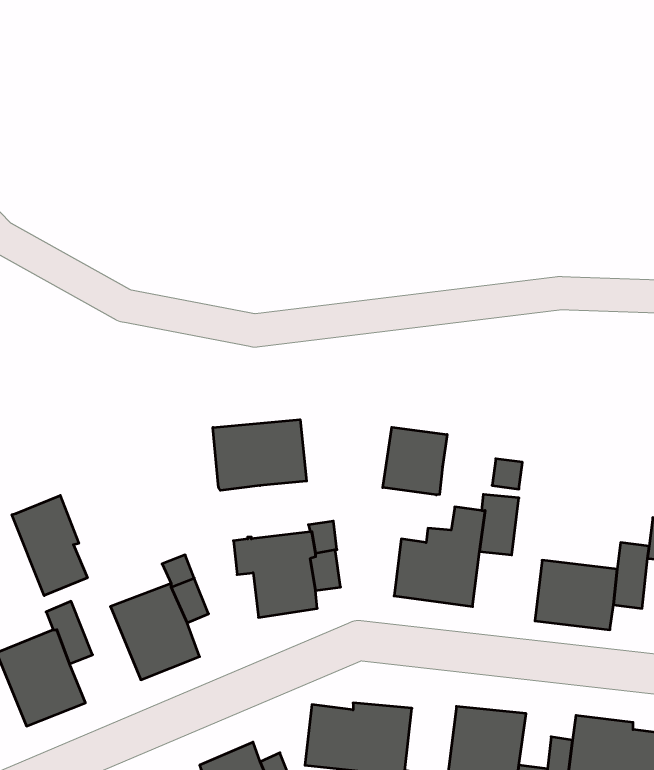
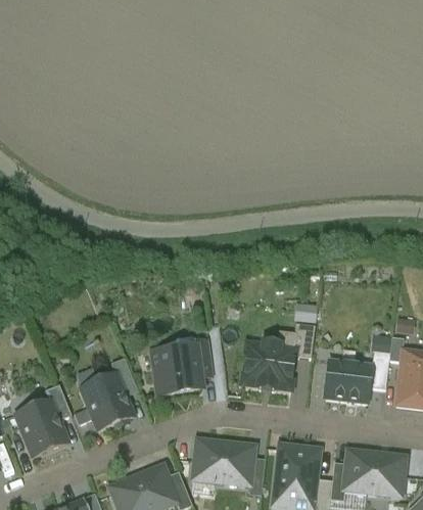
building: [213,420,307,490] -> none
building: [383,427,447,495] -> none
building: [12,495,87,596] -> none

